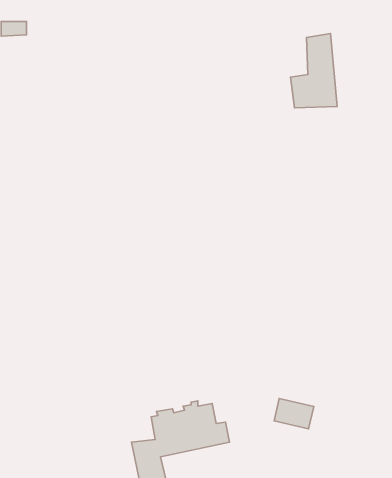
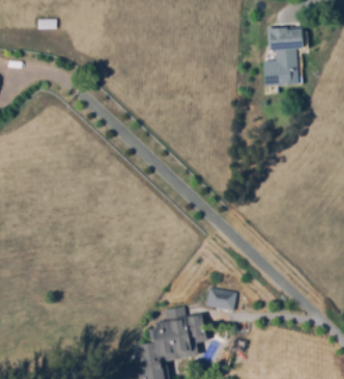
building: [274,398,314,429] -> [204,285,235,308]

